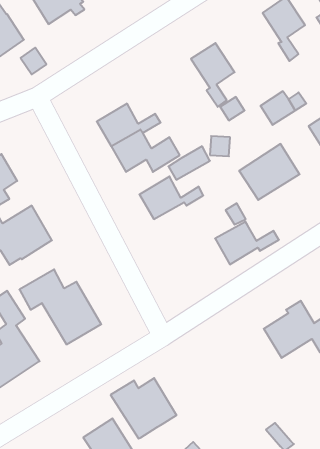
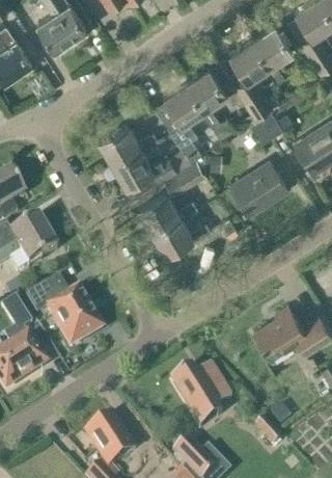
building: none -> [227,37,272,115]
building: none -> [155,80,203,159]
building: [215,222,279,264] -> [151,213,211,253]
building: [111,378,177,439] -> [170,363,231,419]

